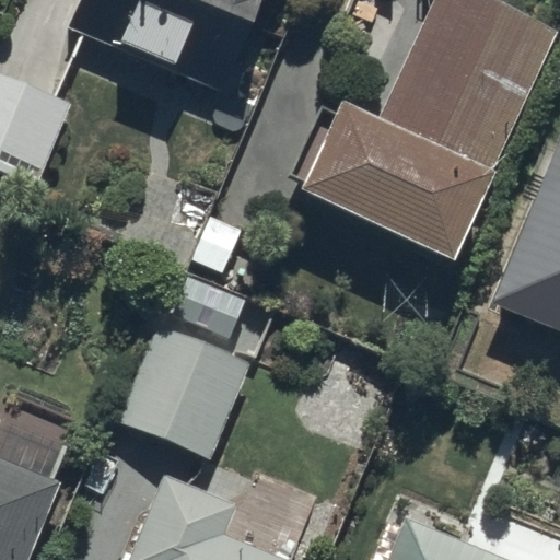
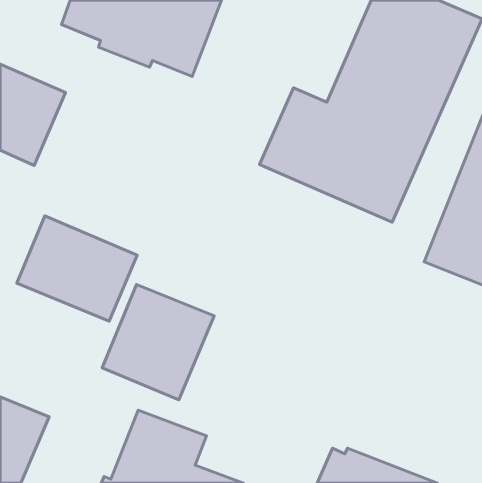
building: none -> [17,216,137,321]

